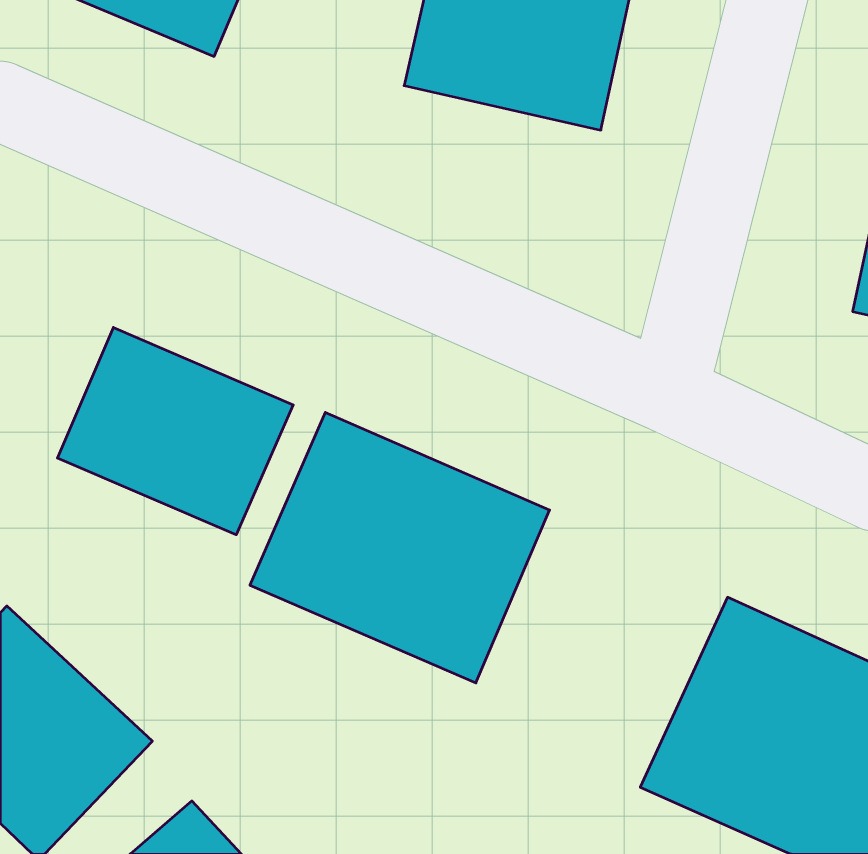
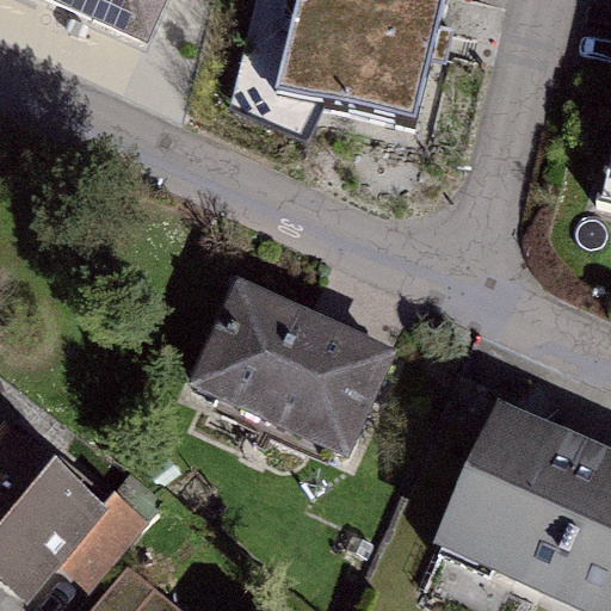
building: [57,327,293,535] -> none

